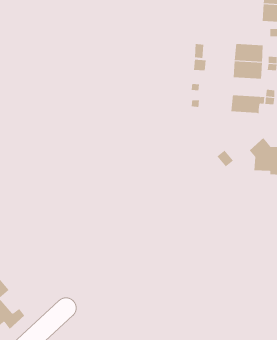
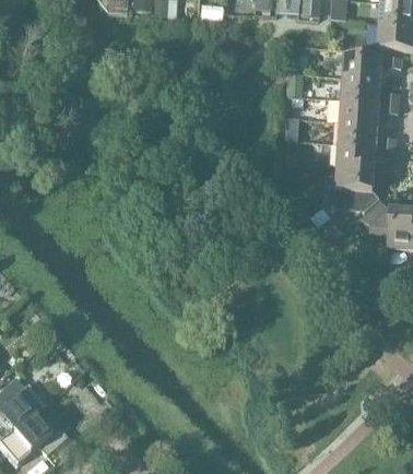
building: none -> [343,52,382,78]
building: none -> [339,120,378,145]
building: none -> [334,165,376,208]

